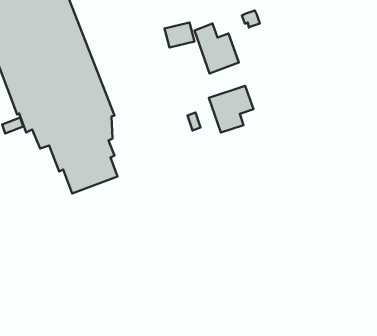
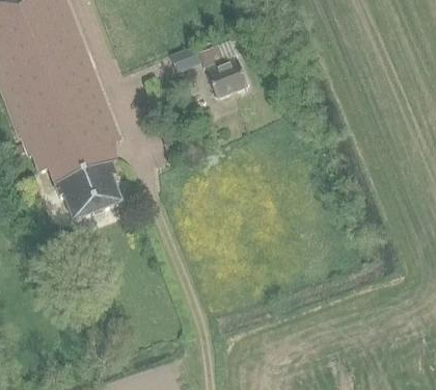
building: [209,86,253,132] -> none

